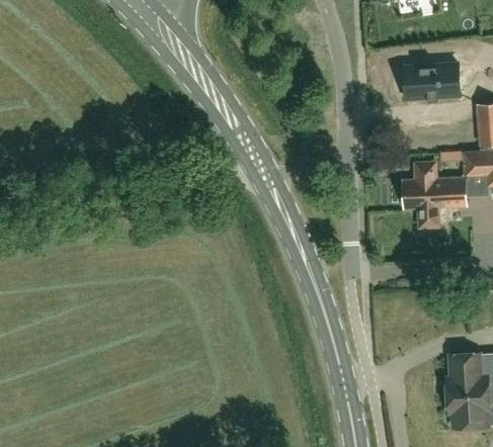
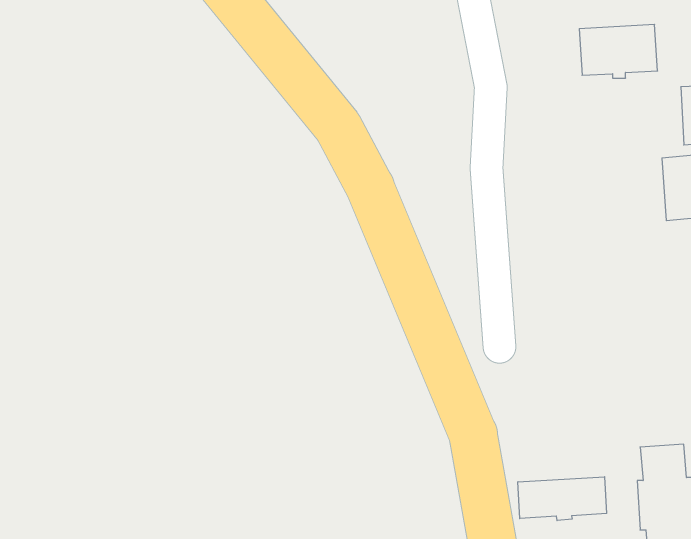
building: [404,163,465,228] -> none
building: none -> [518,477,607,521]

